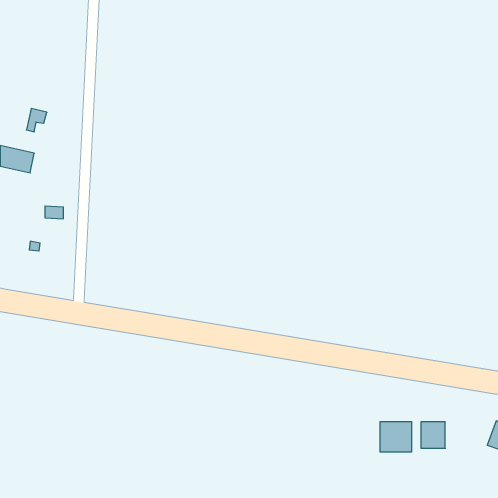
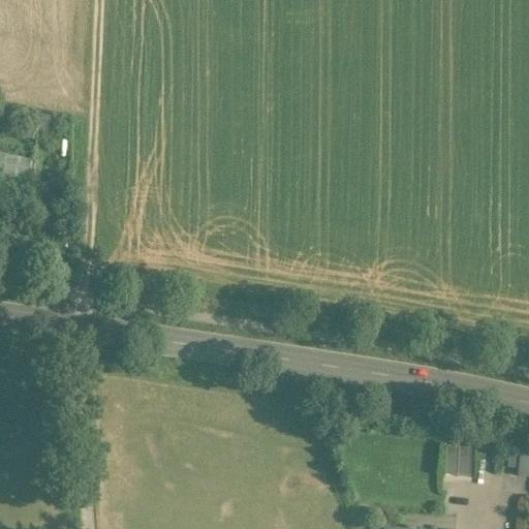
building: [380,422,412,452] -> none

